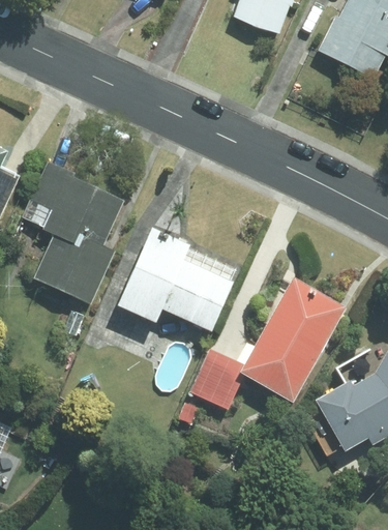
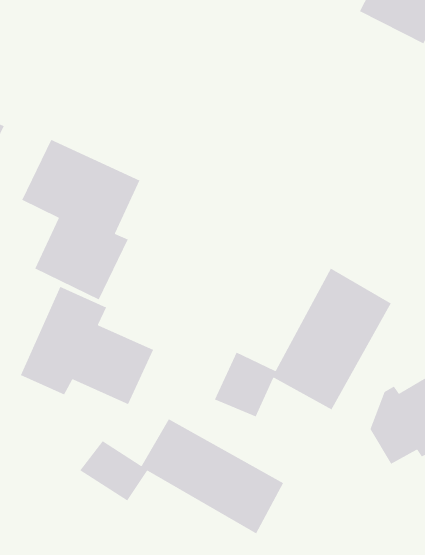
building: [116,225,234,329] -> [20,286,154,405]
building: none -> [79,418,284,534]

